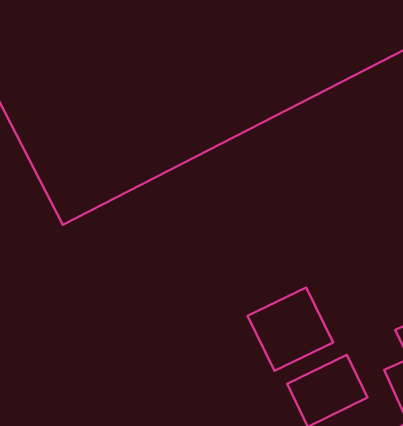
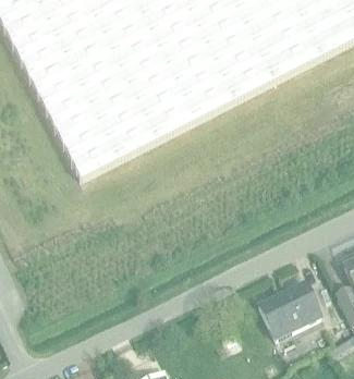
building: [247,287,333,371] -> none

